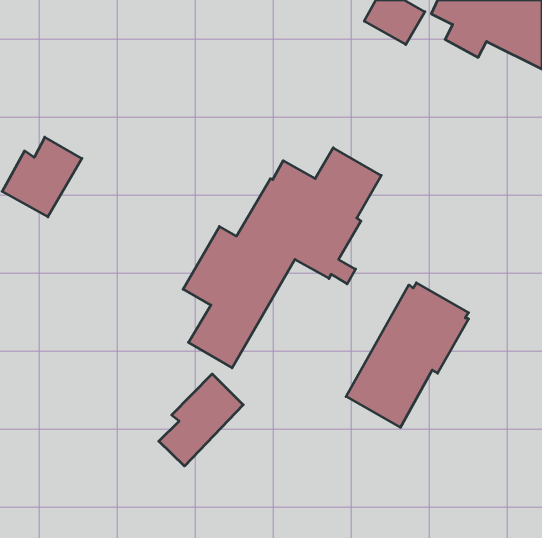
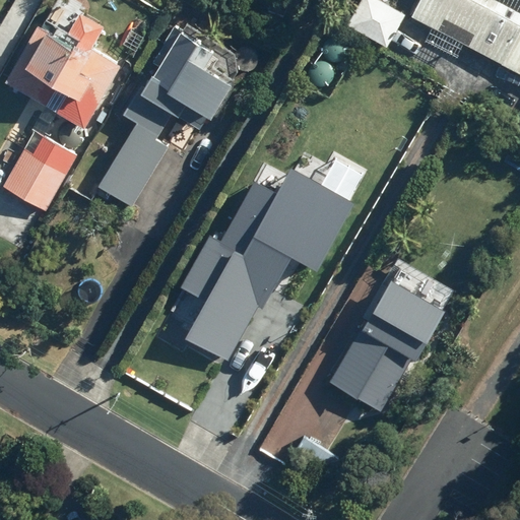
building: none -> [4,14,121,130]
building: none -> [102,26,244,204]
building: [159,374,243,466] -> none

